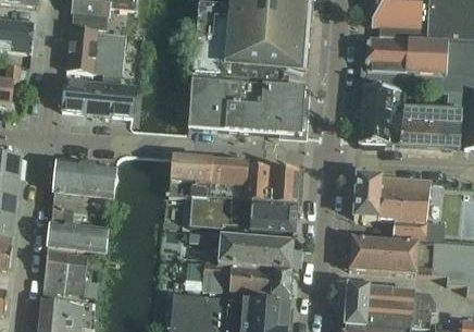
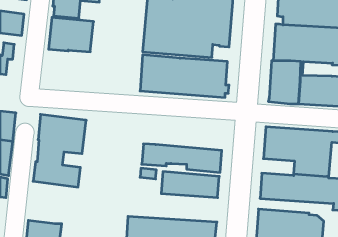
building: [61,77,136,116] -> none
building: [169,155,299,205] -> none
building: [42,248,102,294] -> none
building: [201,261,291,295] -> none

